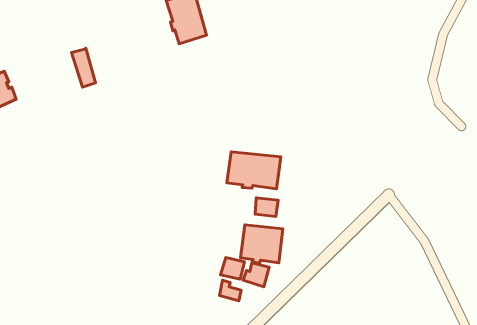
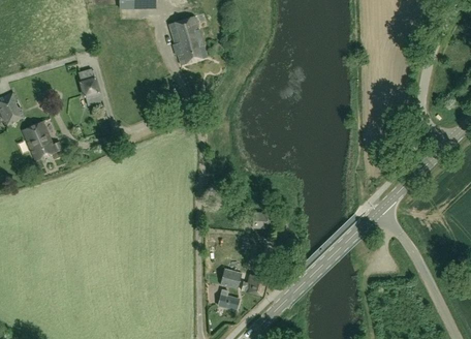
building: none -> [22,120,60,160]
building: [227,152,281,189] -> none
building: [241,225,283,263] -> none

